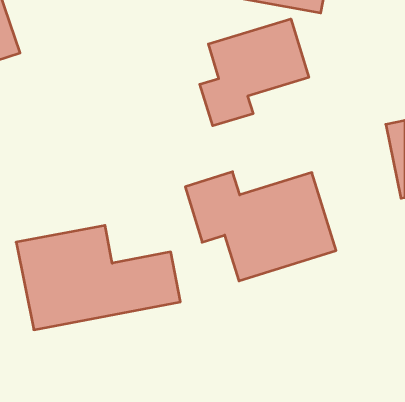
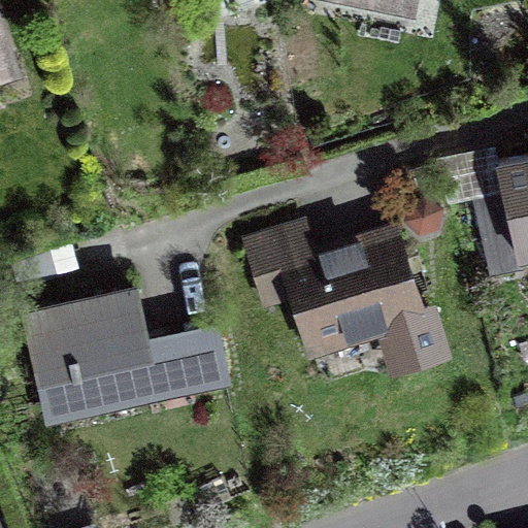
building: [200,19,309,126] -> none

